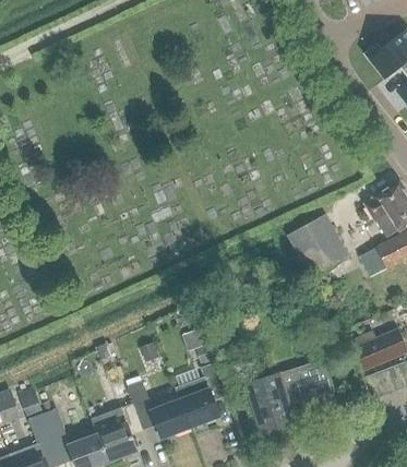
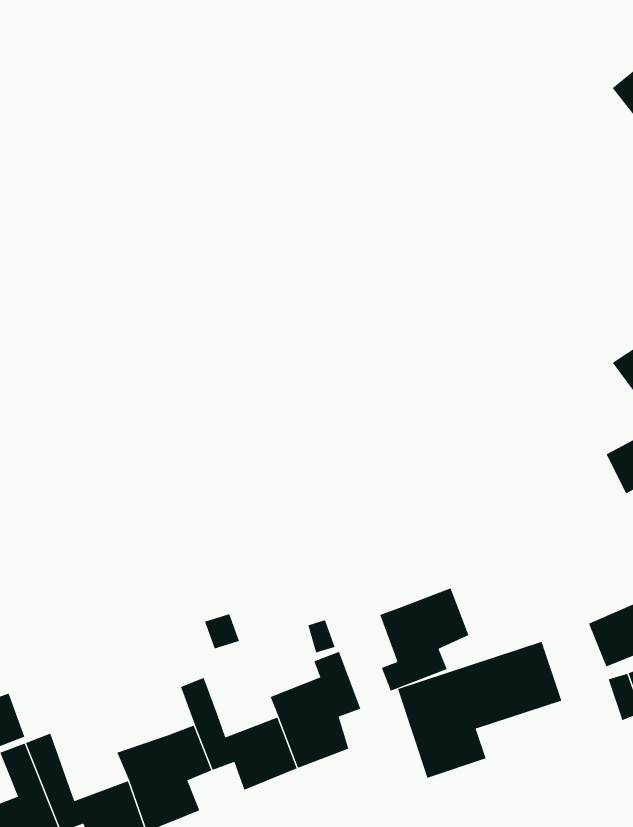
building: [287,214,348,277] -> none
building: none -> [380,588,469,692]

